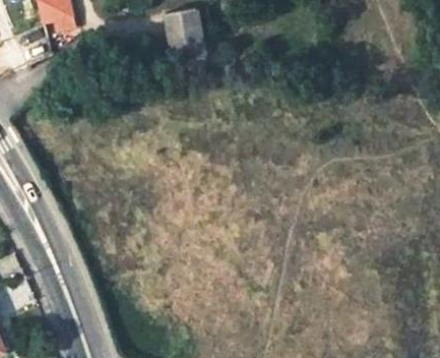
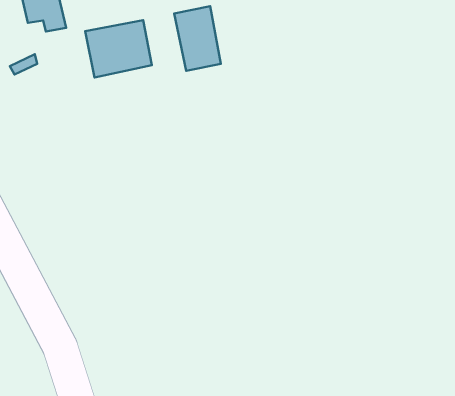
building: none -> [85,20,152,78]

